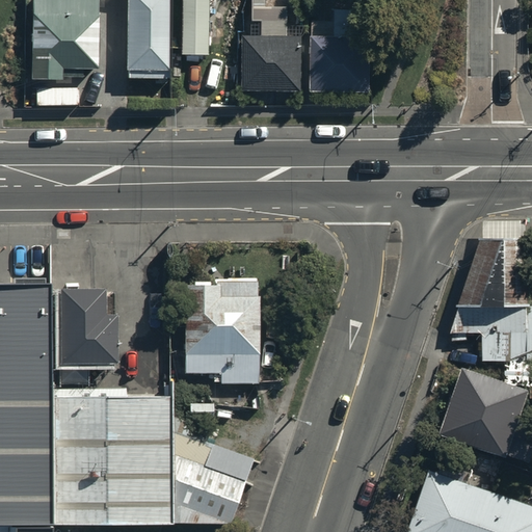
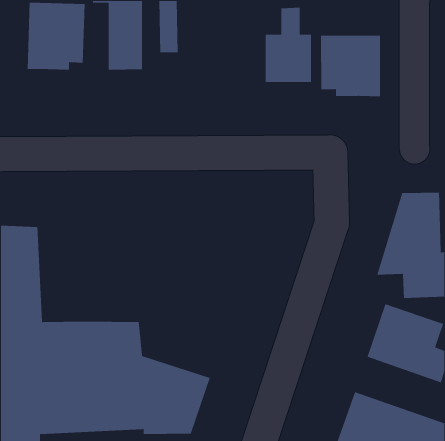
building: [245,19,303,104] -> none
building: none -> [320,35,381,97]
building: [54,283,110,360] -> none
building: [185,283,256,382] -> none

